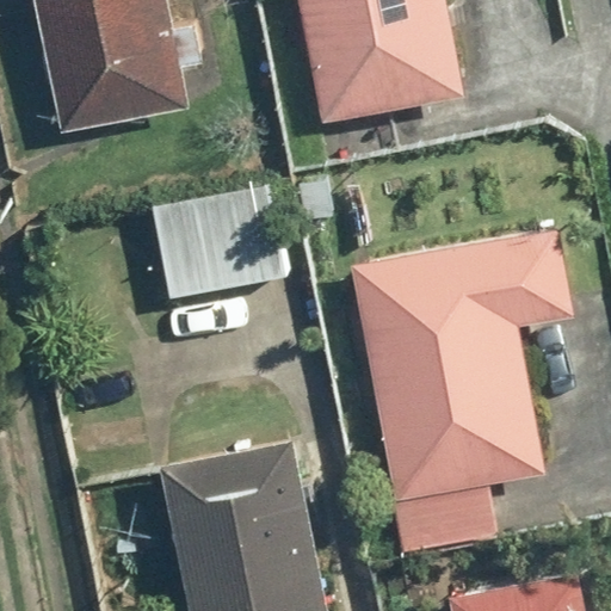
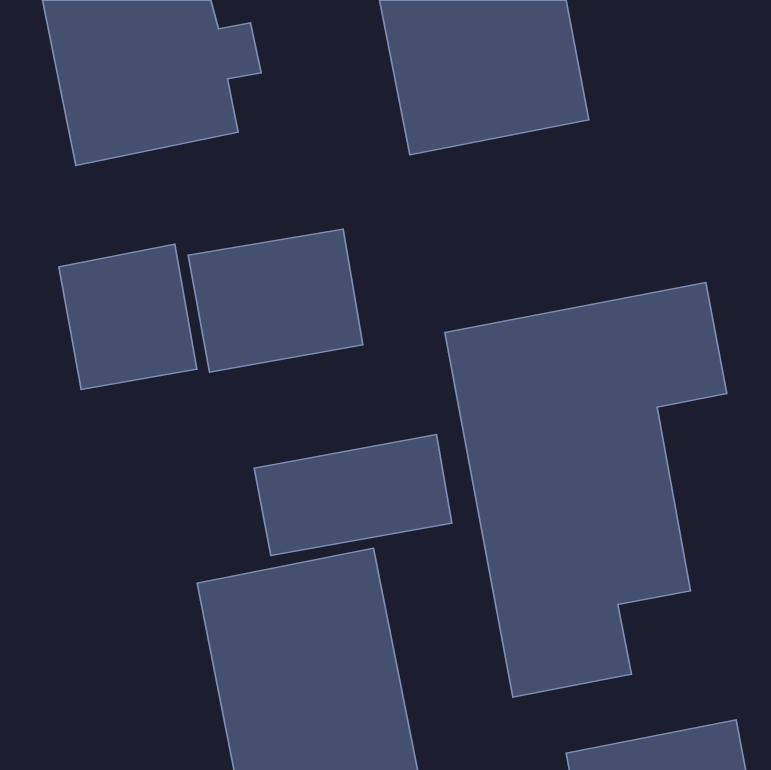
building: none -> [59,244,197,390]
building: none -> [254,434,452,556]

